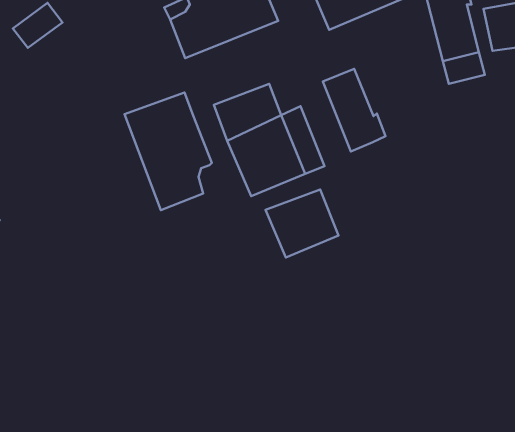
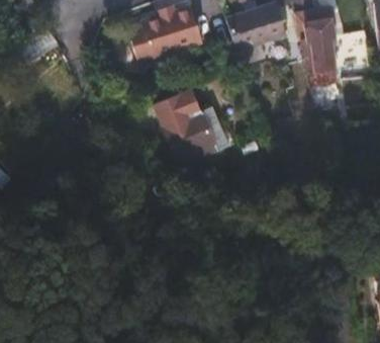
building: [323,69,386,151] -> none
building: [124,92,212,210] -> none
building: [266,189,339,258] -> none

